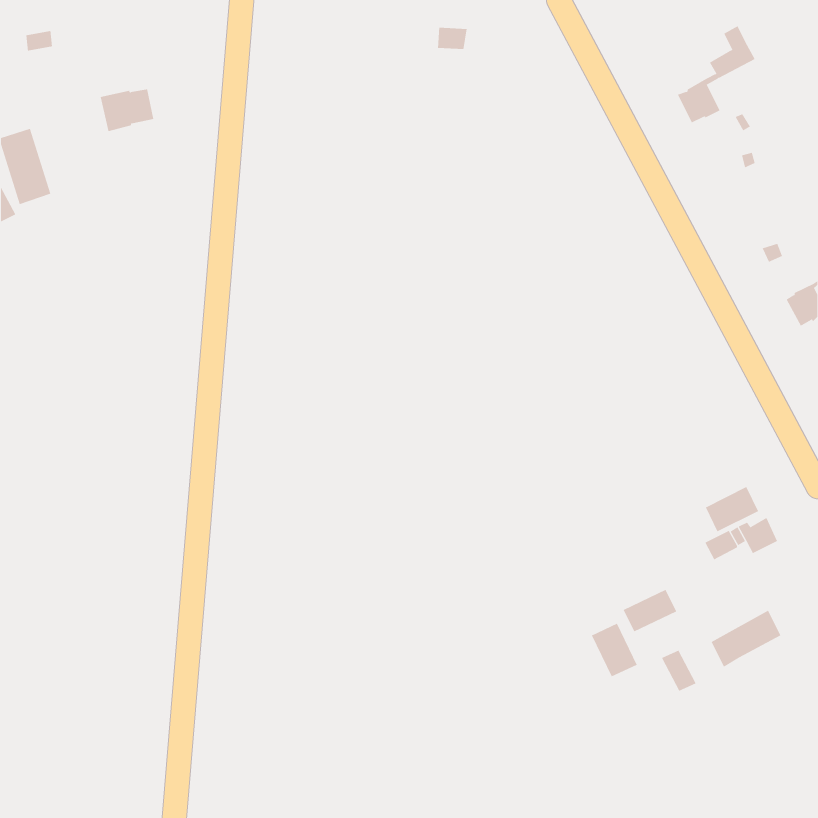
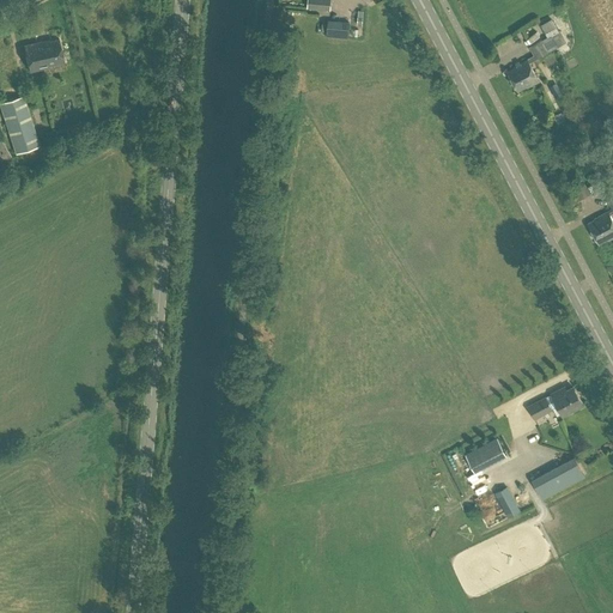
building: [100,89,154,132] -> [23,40,63,72]
building: [705,486,759,532] -> none
building: [591,623,638,677] -> none

